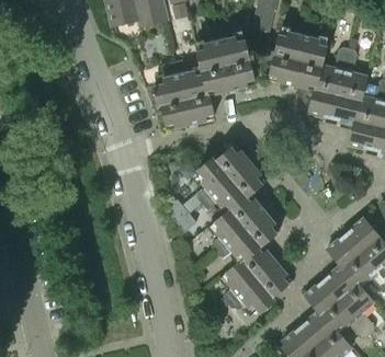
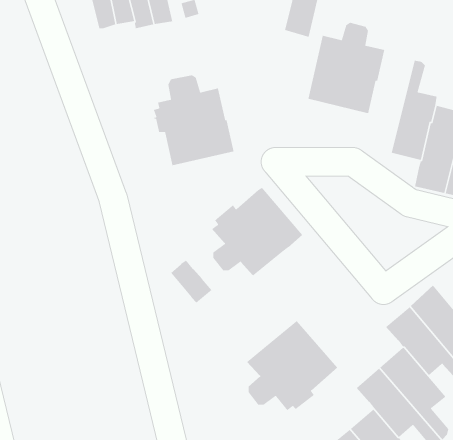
building: [194,25,253,94] -> none
building: [307,47,348,119] -> none
building: [211,194,279,261] -> none

